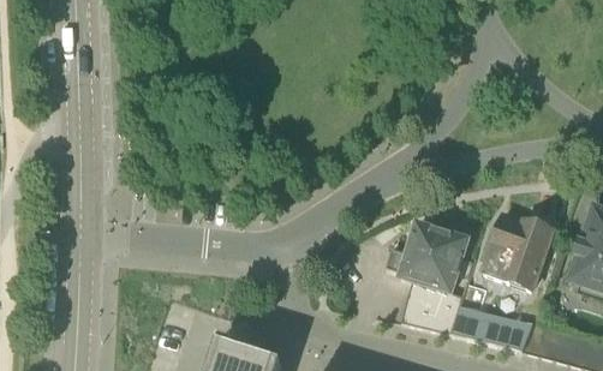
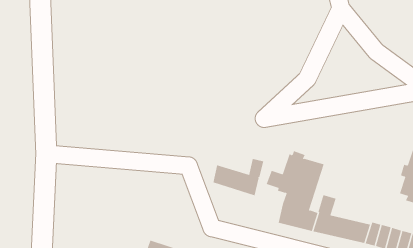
building: [482,215,551,289] -> none
building: none -> [213,158,264,196]

